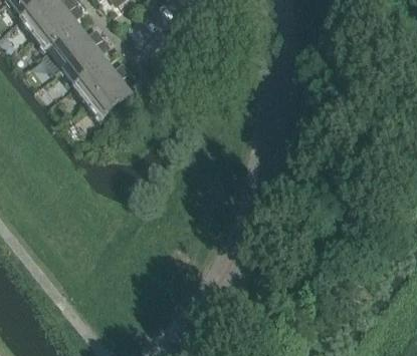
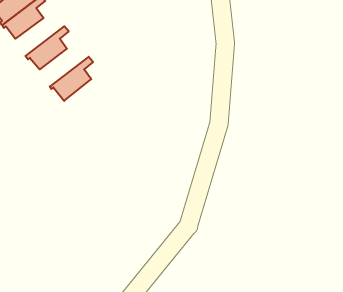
building: [46,24,100,66] -> none
building: [73,58,128,100] -> none

